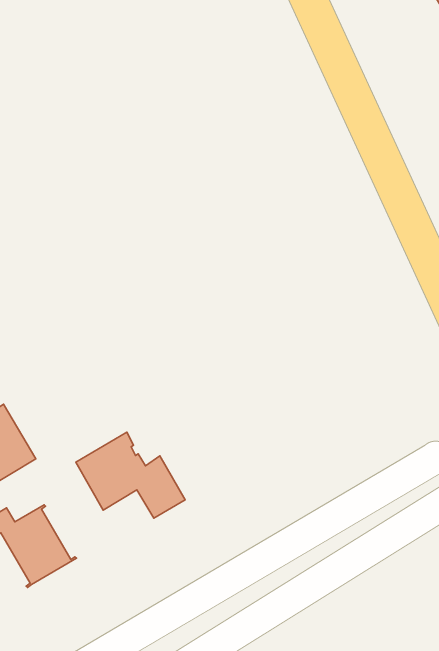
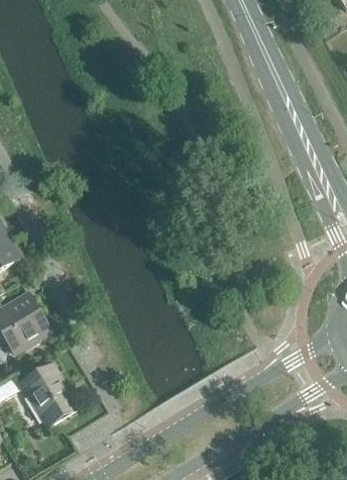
building: [76,432,185,518] -> none

